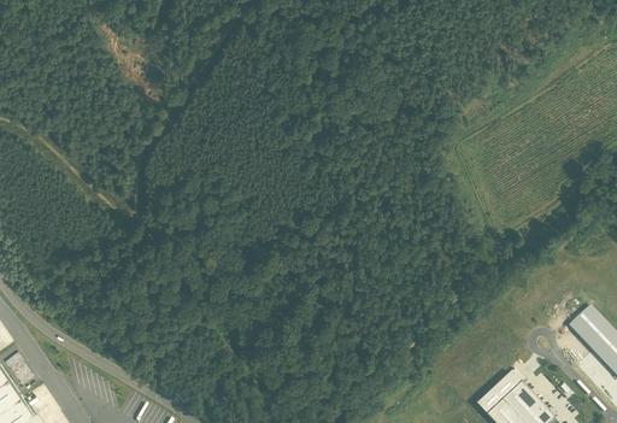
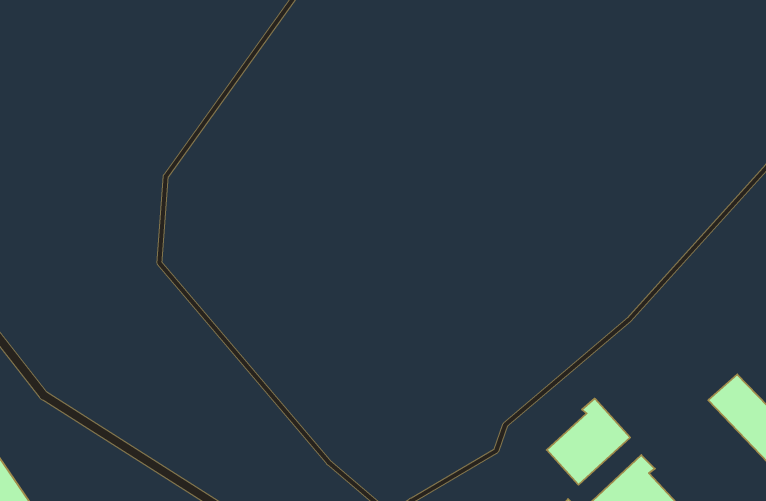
building: none -> [547,399,630,485]

